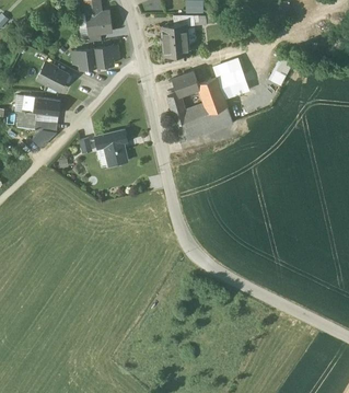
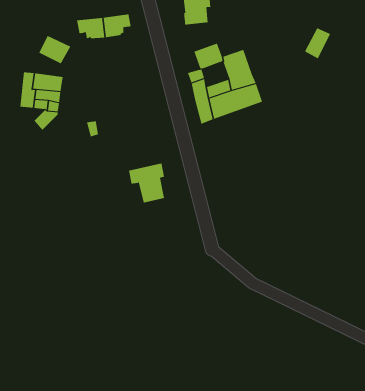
building: [217,68,249,99] -> none
building: [95,130,127,165] -> [128,163,165,203]

